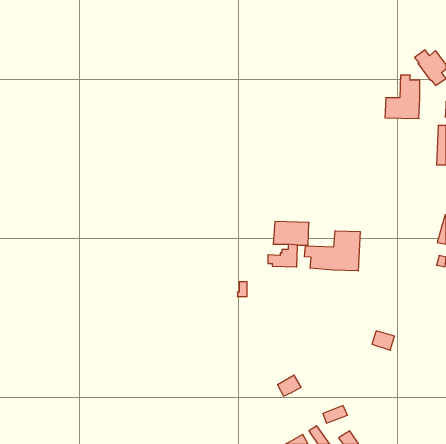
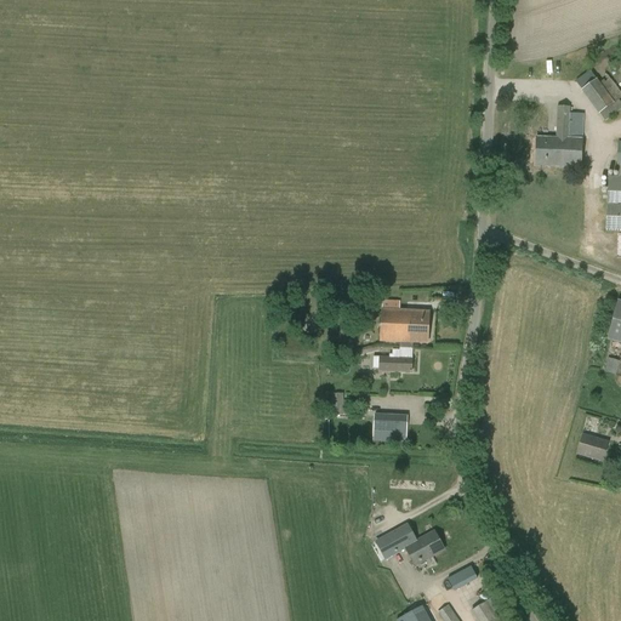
building: [305,231,360,271] -> none
building: none -> [374,414,408,439]
building: [372,331,395,350] -> [577,433,609,460]
building: none -> [405,529,444,564]

